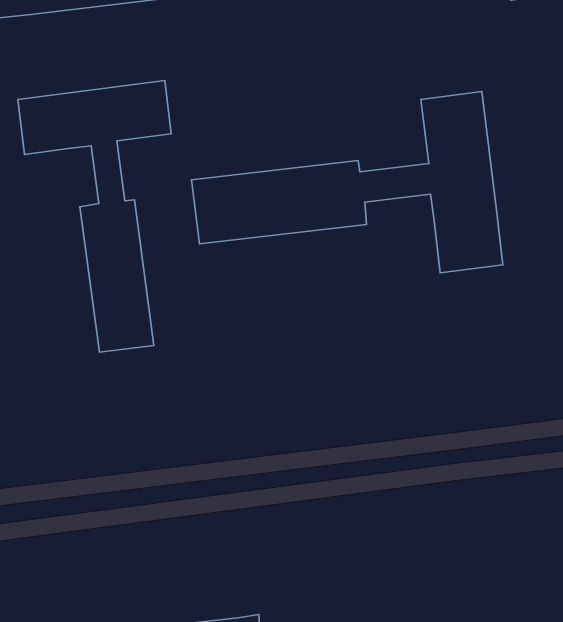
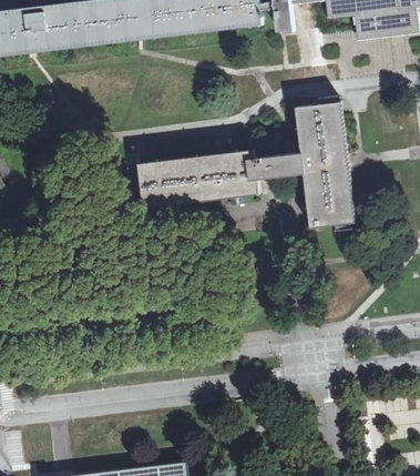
building: [18,81,171,352] -> none

